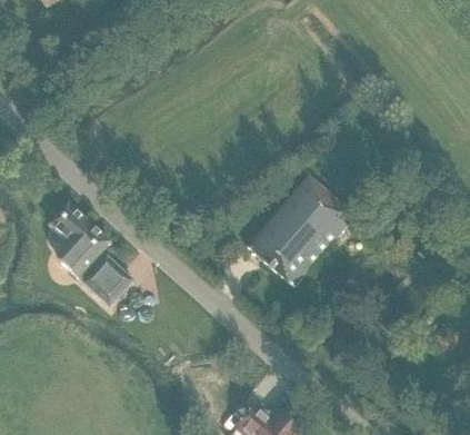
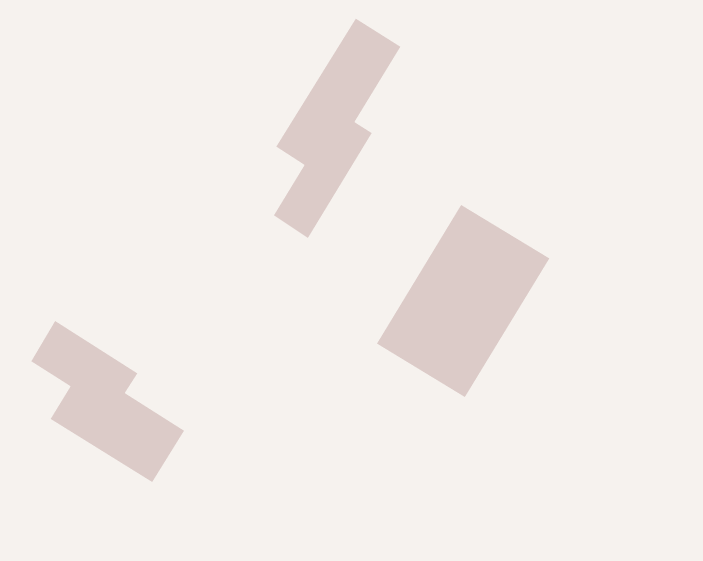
building: none -> [273,18,402,239]

